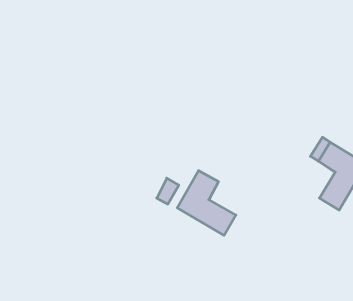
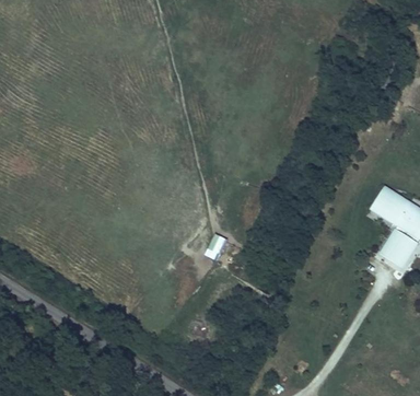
building: [177,171,236,235] -> none

